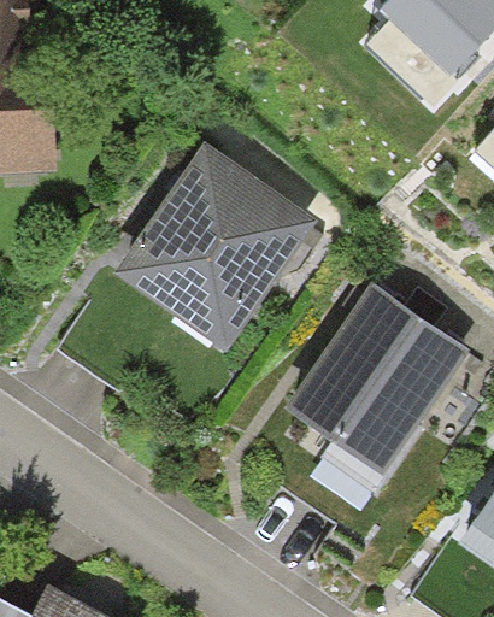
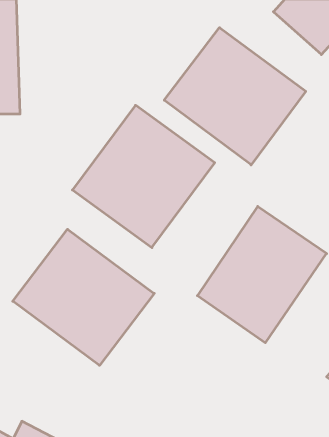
building: none -> [164,28,306,165]
building: none -> [13,229,154,365]

